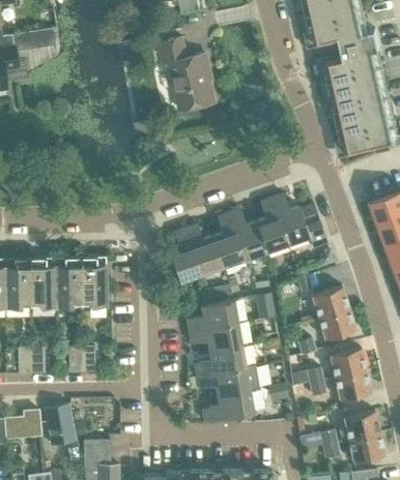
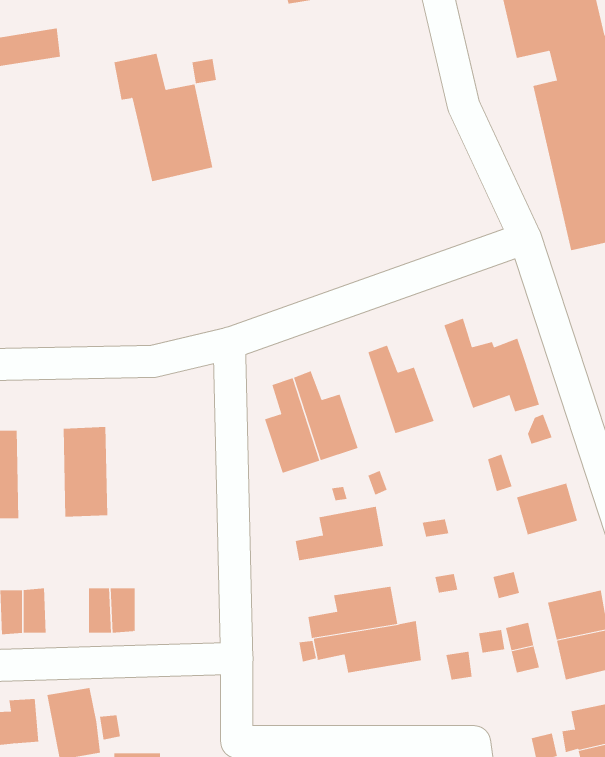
building: [158,37,215,111] -> [114,53,213,182]
building: [255,198,288,252] -> none
building: [212,213,244,268] -> none
building: [79,256,106,306] -> none
building: [28,257,55,308] -> none
building: [319,309,355,340] -> none
building: [189,324,241,352] -> none
building: [202,389,259,422] -> none

